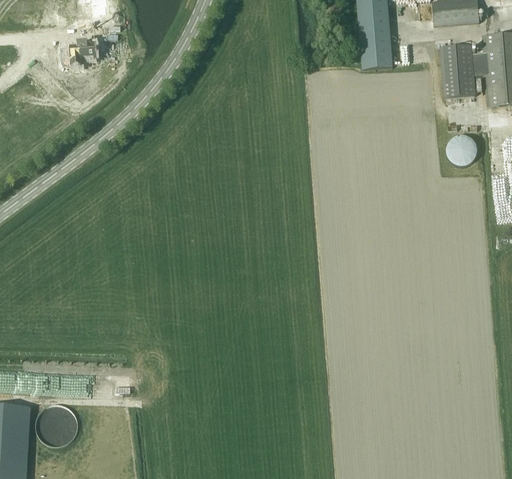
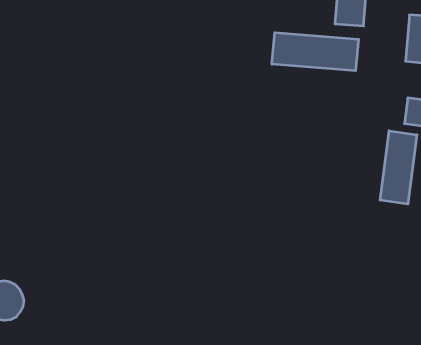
building: none -> [272,33,359,71]
building: none -> [380,131,417,204]

